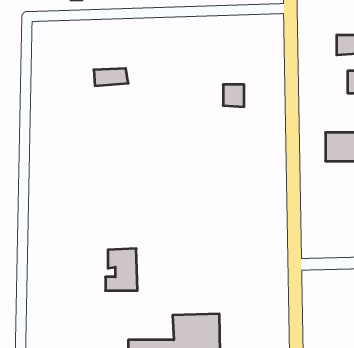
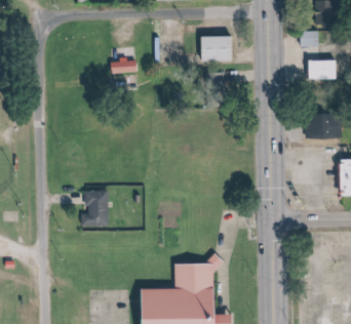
building: none -> [208,36,240,62]
building: [105,249,137,291] -> [75,189,102,224]

